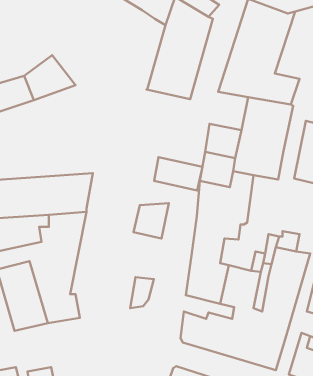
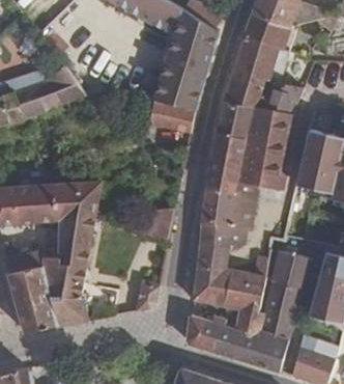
building: none -> [213,102,251,139]
building: [154,157,202,190] -> [148,100,195,132]

